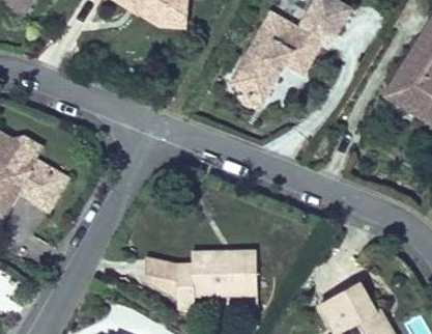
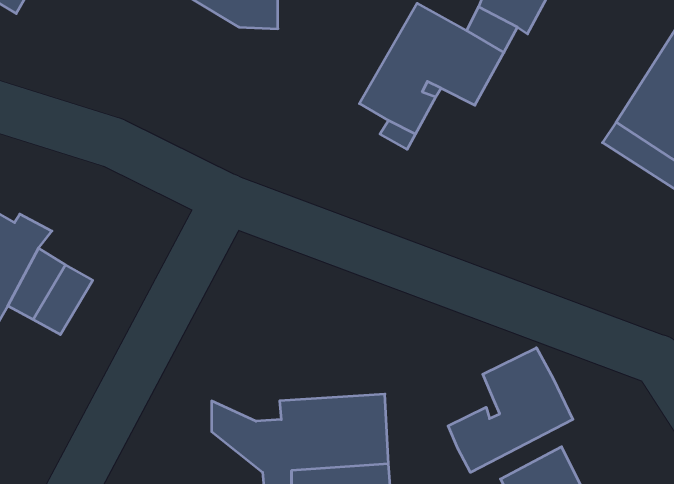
building: none -> [448,348,573,472]

